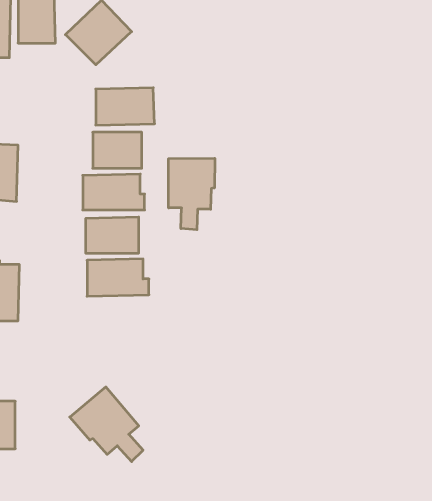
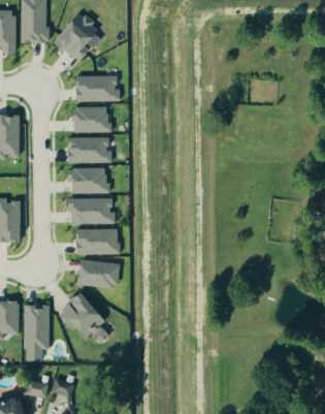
building: [169,158,215,230] -> none
building: none -> [74,228,119,254]
building: none -> [77,259,120,286]
building: none -> [22,304,48,359]

